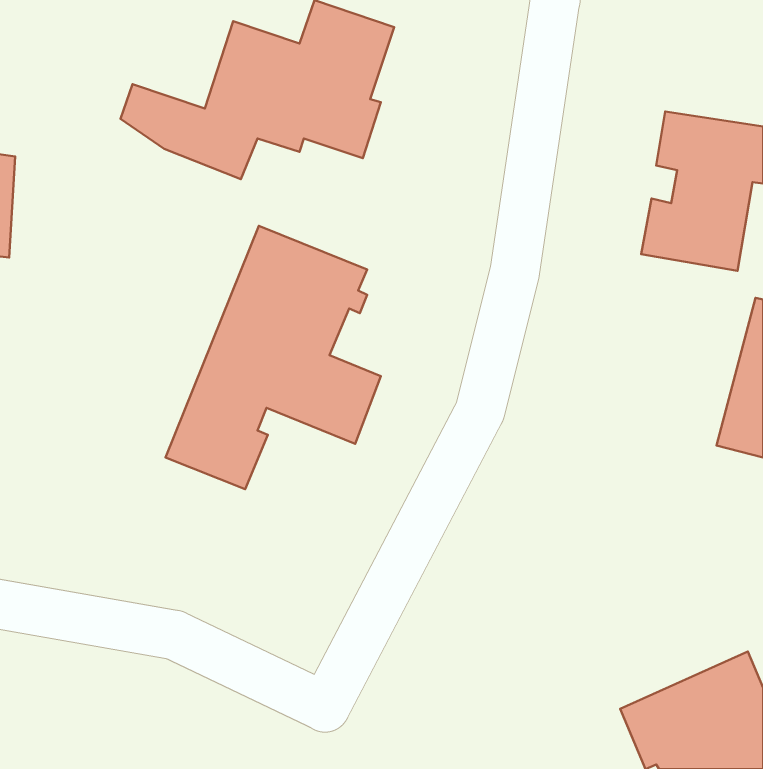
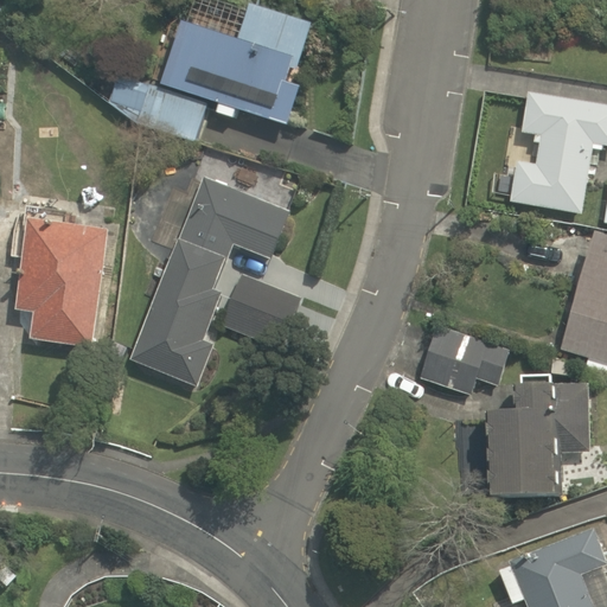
building: none -> [7,204,107,346]
building: none -> [415,321,511,397]
building: none -> [452,381,590,500]

